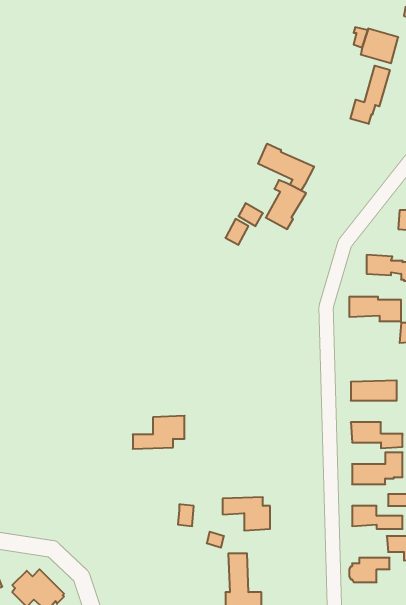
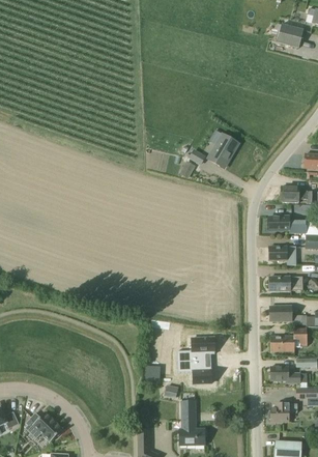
building: [350,66,390,124] -> none
building: [258,144,314,191] -> none
building: none -> [269,246,299,264]
building: [133,416,185,449] -> [177,337,214,361]

